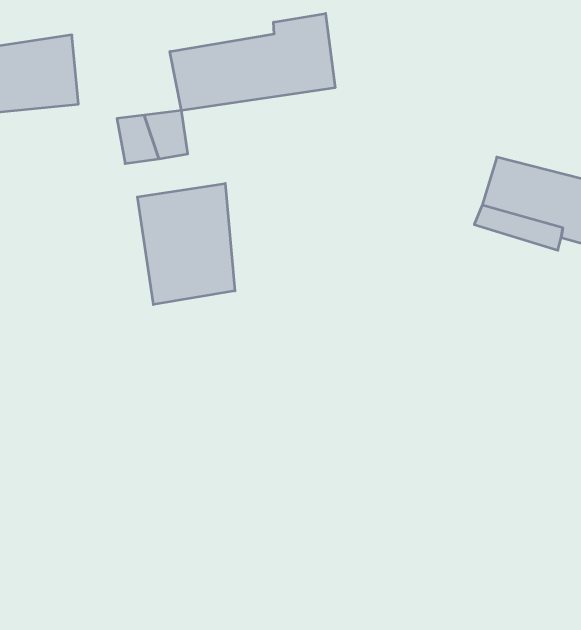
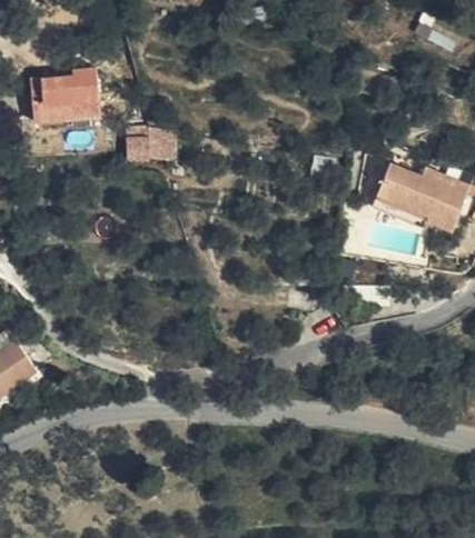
building: [170,13,335,110] -> none
building: [137,183,235,305] -> none

